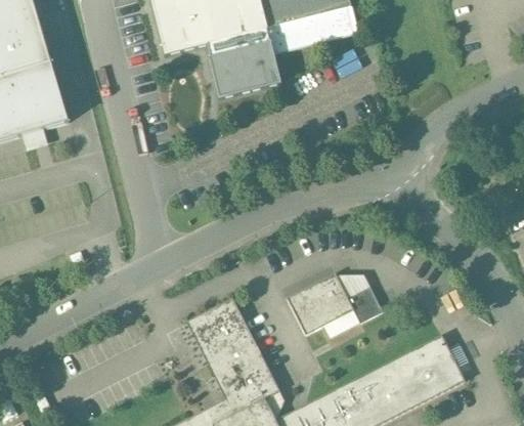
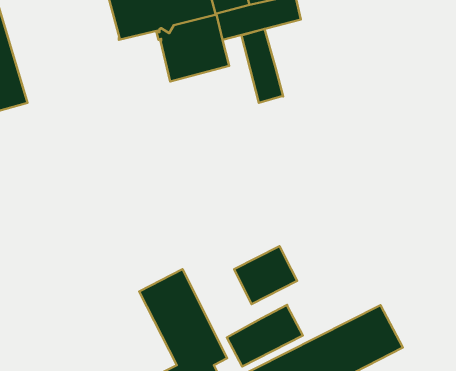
building: none -> [241,29,283,103]
building: [348,287,383,324] -> none
building: none -> [227,305,303,366]

